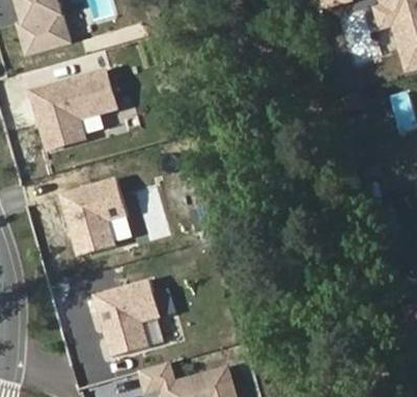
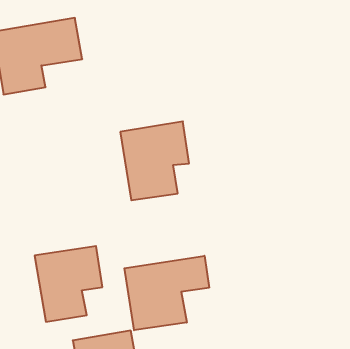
building: [60,177,128,256] -> [120,121,189,200]
building: none -> [124,256,209,330]

